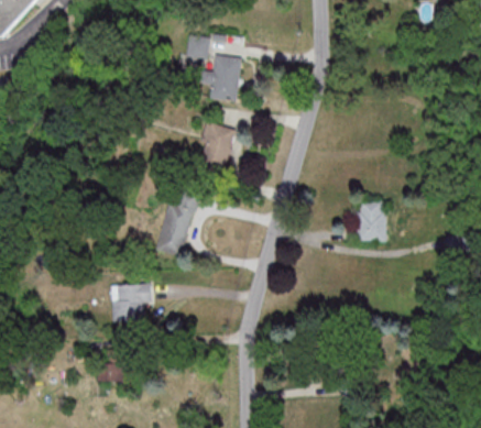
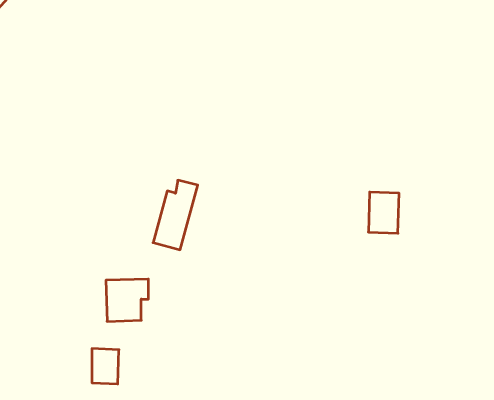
building: [186,34,210,57] -> none
building: [201,54,241,100] -> none
building: [198,120,234,171] -> none

